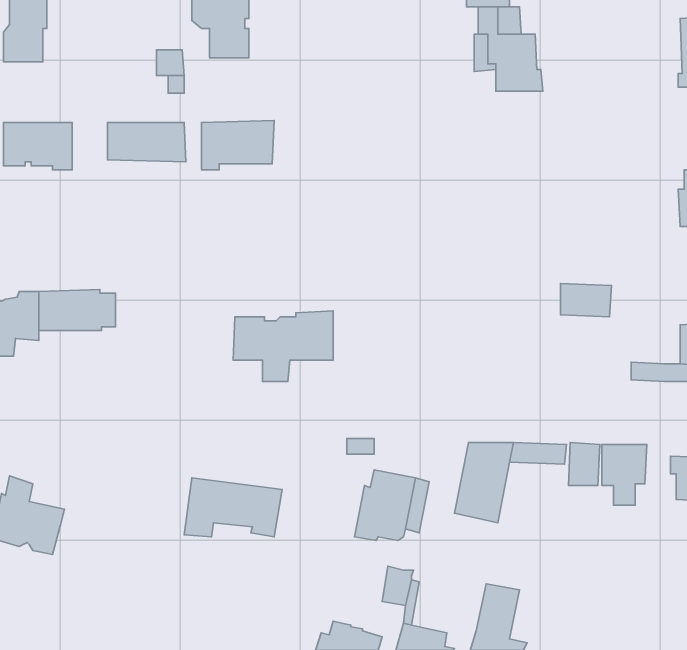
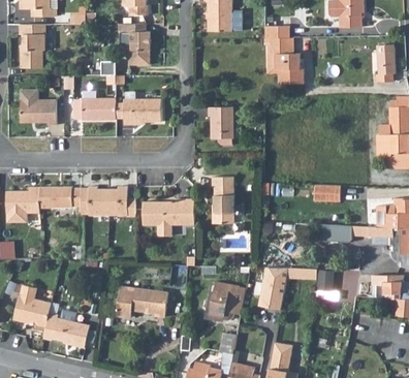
building: none -> [206,105,231,145]
building: none -> [211,177,232,223]
building: none -> [78,187,134,217]
building: none -> [318,224,350,242]
building: none -> [42,309,90,348]

